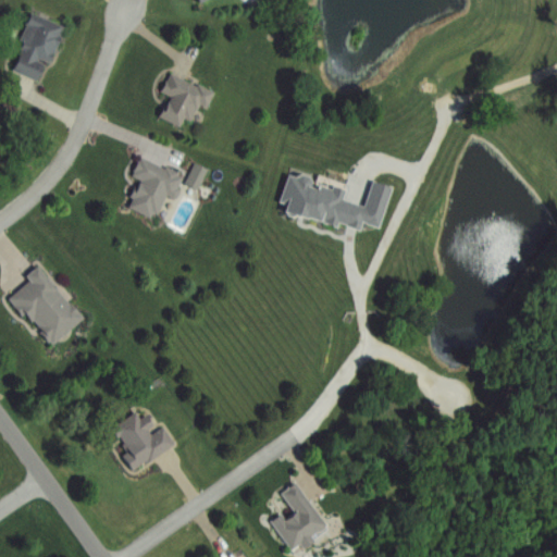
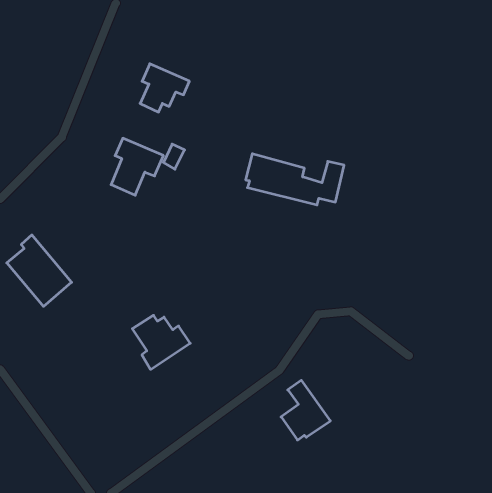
building: [11,13,61,82] -> none
building: [111,411,176,472] -> [132,315,190,369]
building: [273,482,329,549] -> [281,380,330,440]

